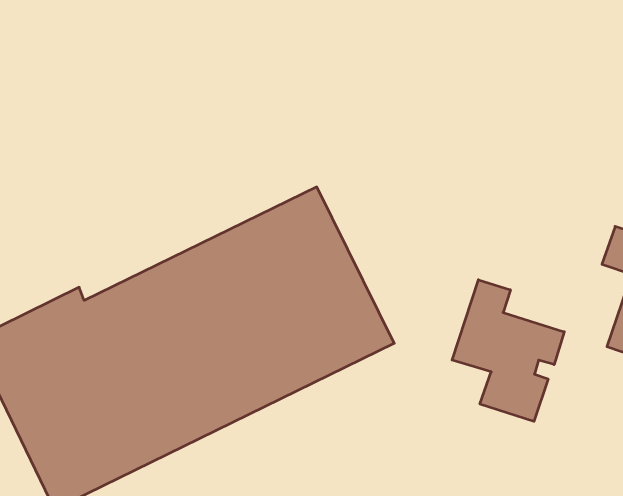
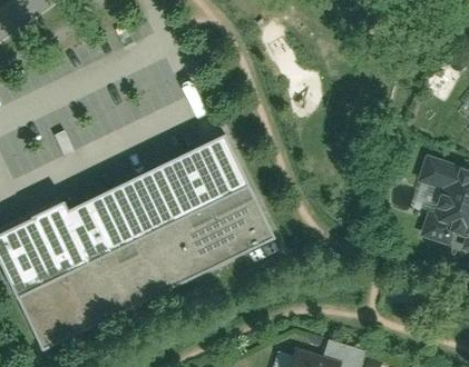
building: [452,280,564,421] -> none

